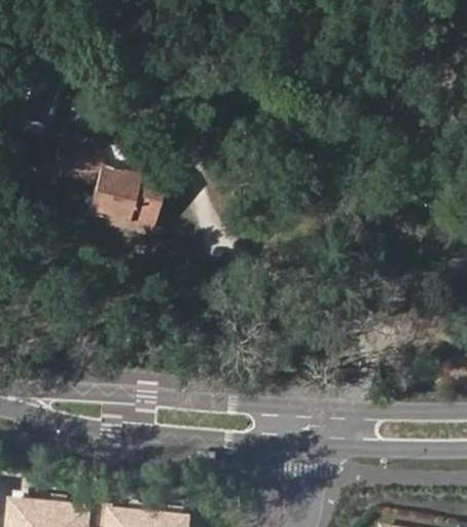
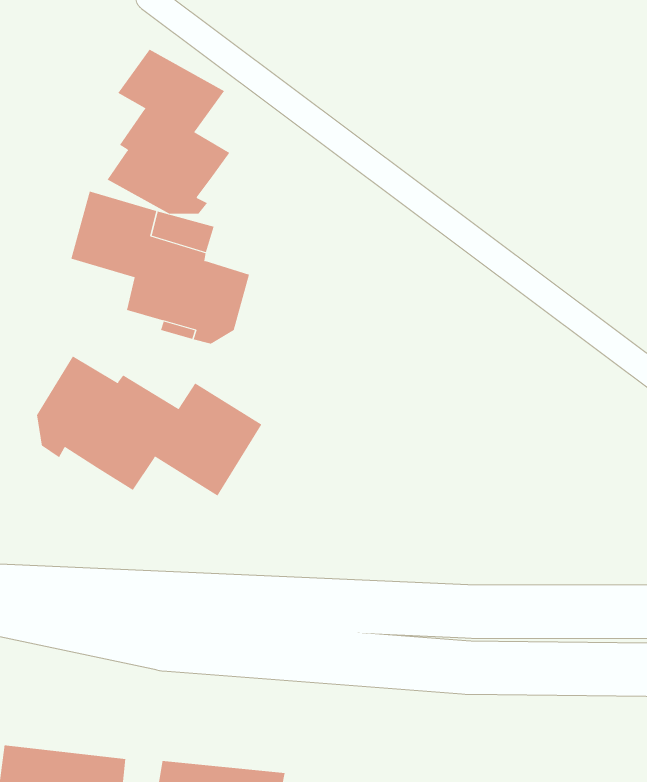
building: none -> [107,49,230,214]
building: none -> [36,355,262,496]

